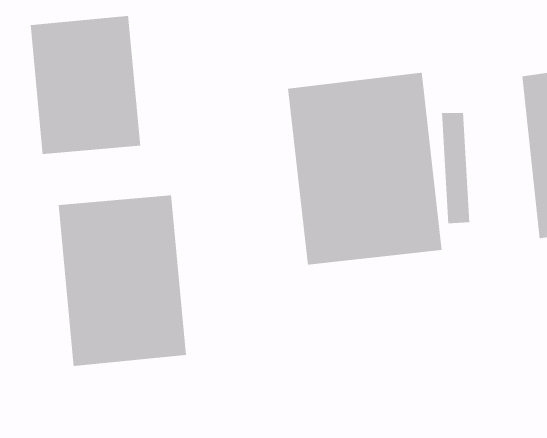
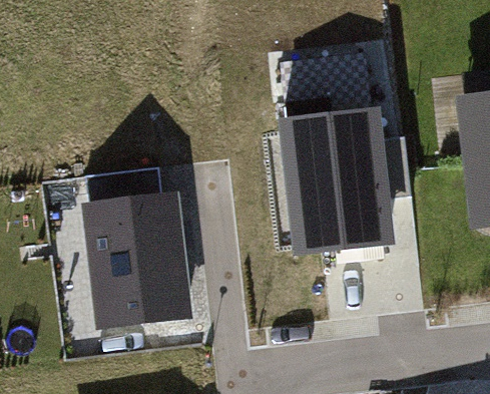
building: [30,15,141,155] -> none

